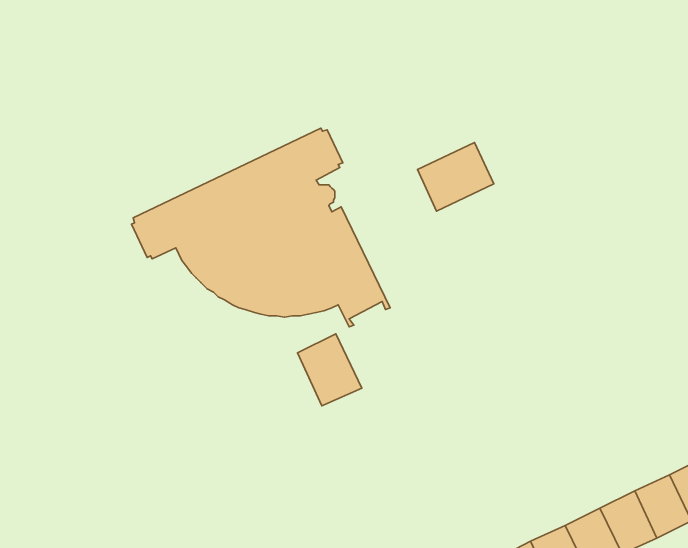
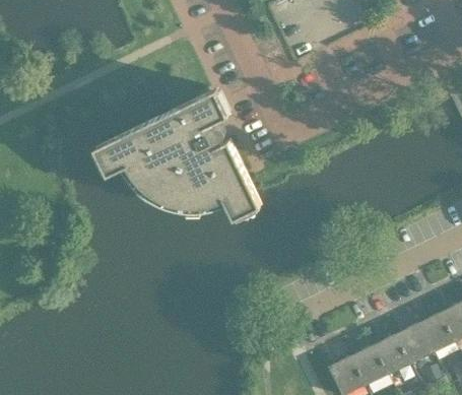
building: [417,142,494,211] -> none
building: [297,334,362,406] -> none

